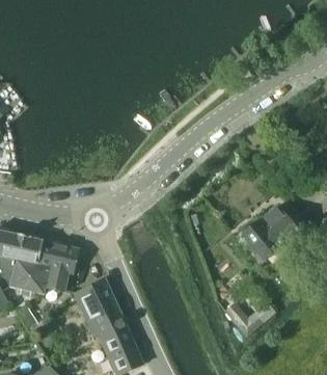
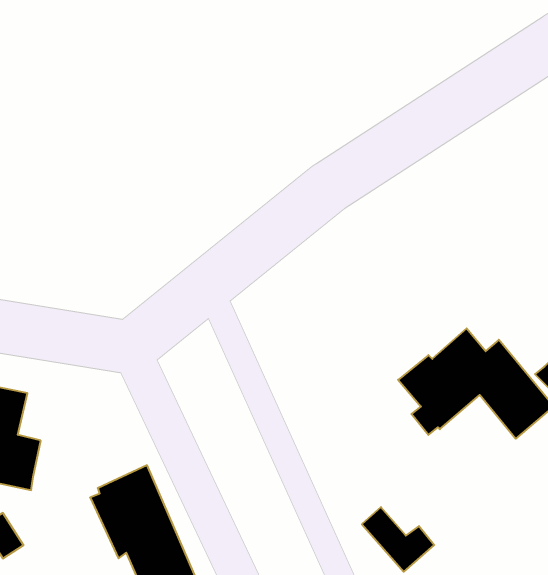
building: [35,240,77,290] -> none

